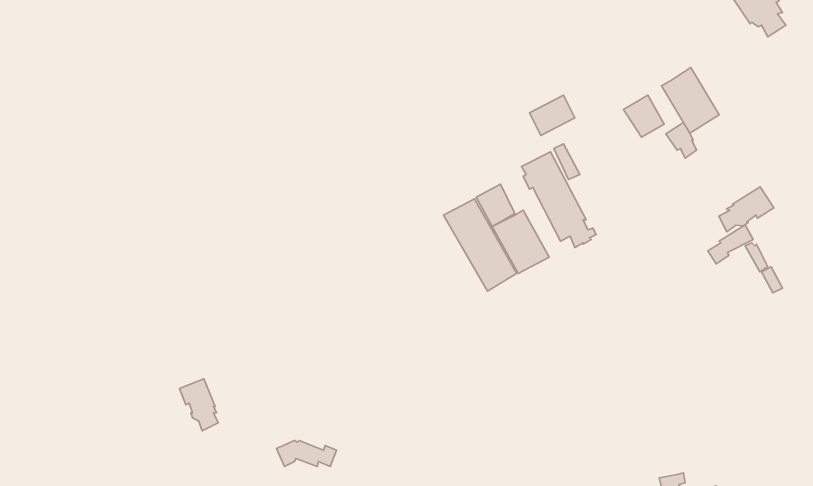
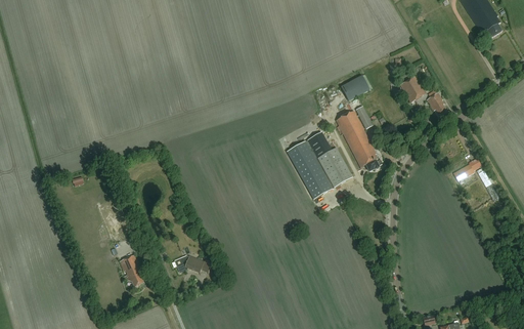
building: [662,67,719,133] -> none
building: [719,187,774,232] -> none
building: [277,441,336,466] -> [174,255,212,272]

